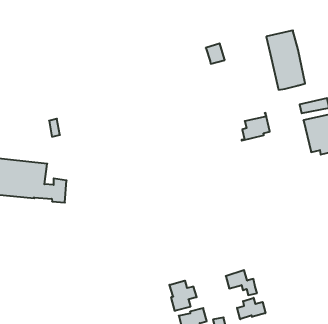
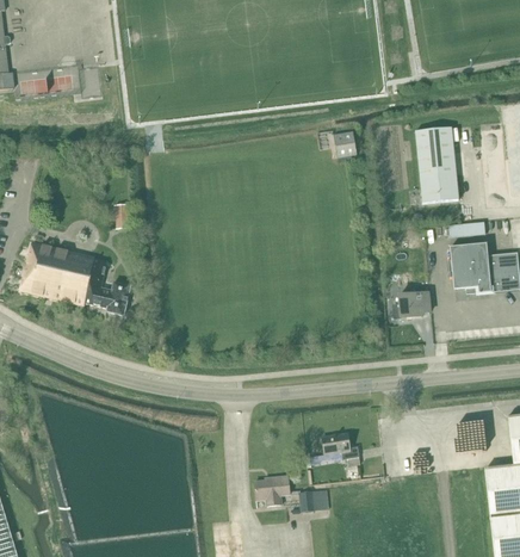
building: [242,113,270,141] -> [391,287,429,320]
building: [169,281,197,311] -> none
building: [237,298,265,319] -> none

